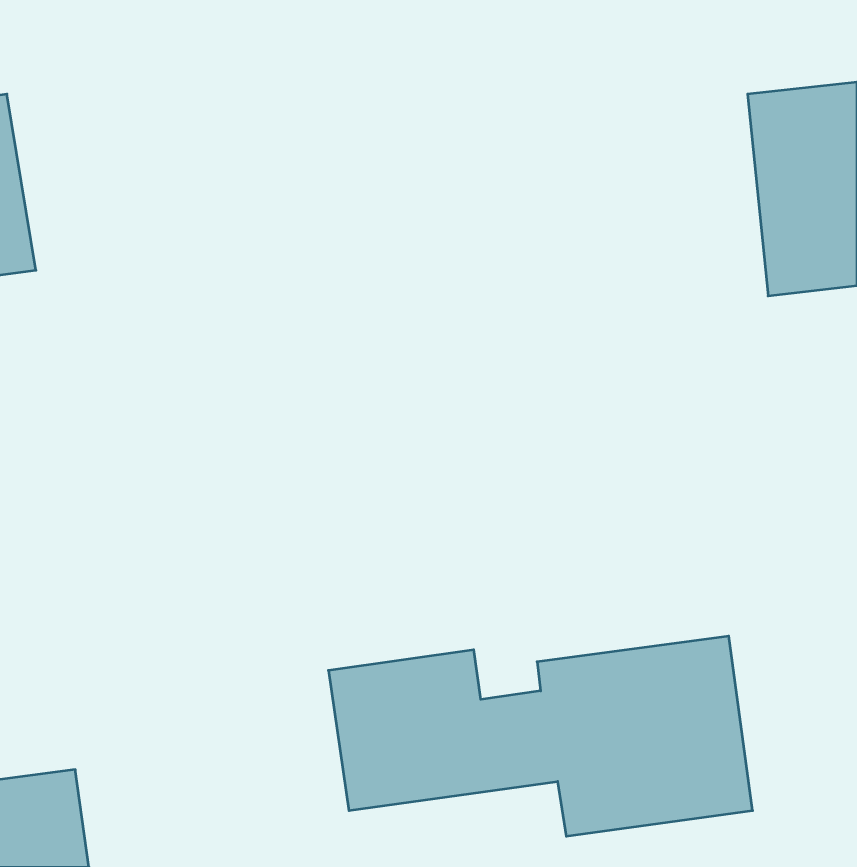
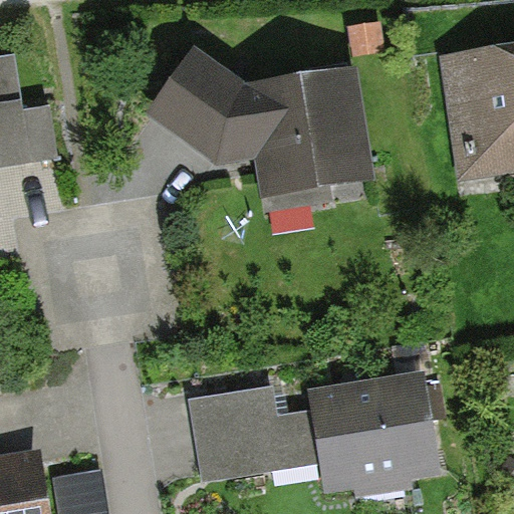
building: none -> [154,57,374,197]

